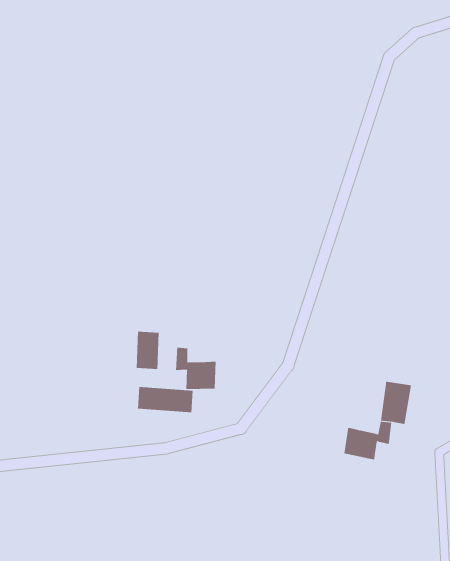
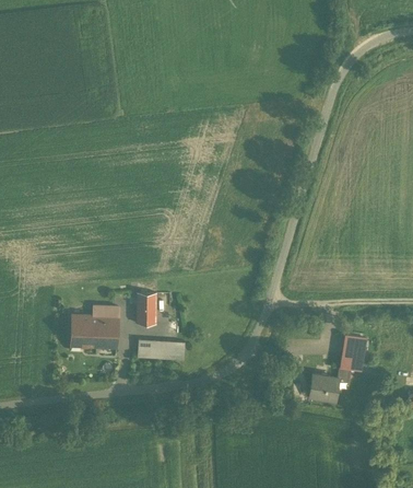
building: [175,347,216,390] -> none
building: none -> [74,306,118,347]

